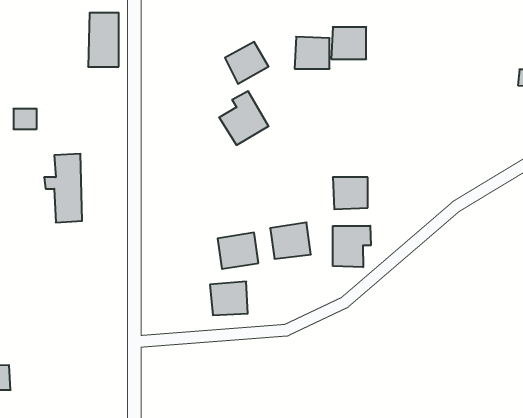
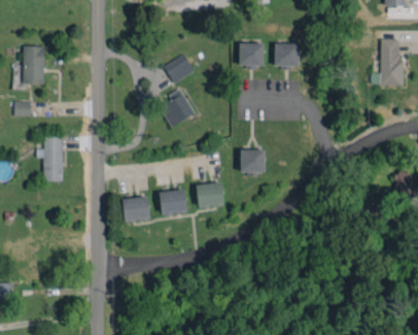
building: [88,13,119,67] -> [23,46,44,85]
building: [295,37,330,69] -> [274,44,299,67]
building: [333,226,371,267] -> none
building: [210,282,248,315] -> [123,198,149,222]

